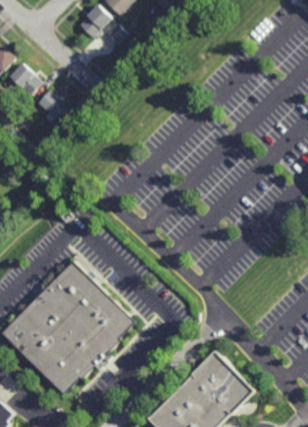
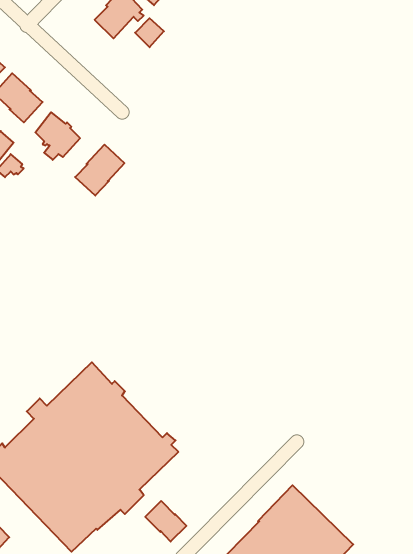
building: none -> [75,145,124,196]
building: none -> [145,501,186,542]

